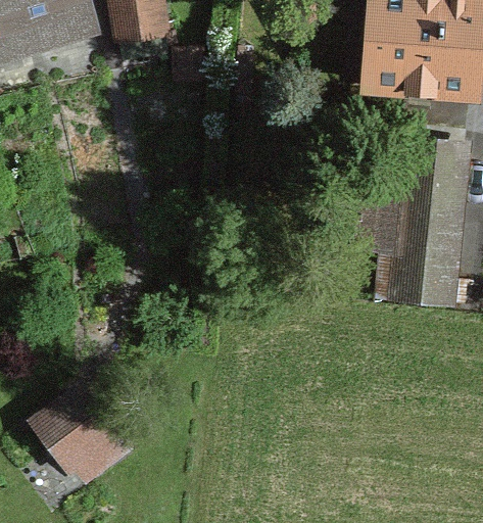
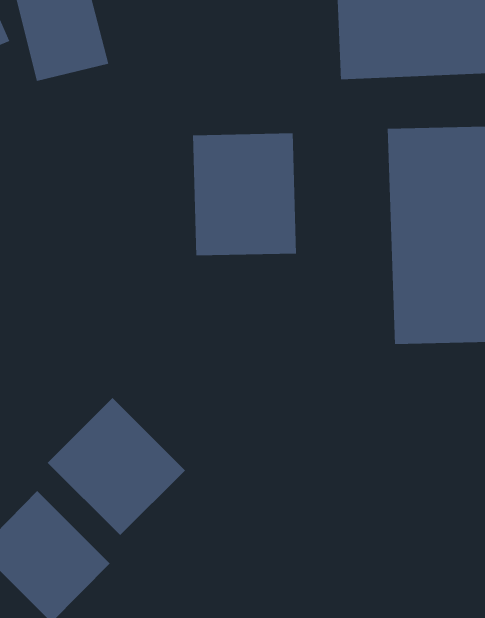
building: none -> [193,133,296,256]
building: none -> [47,397,186,536]

